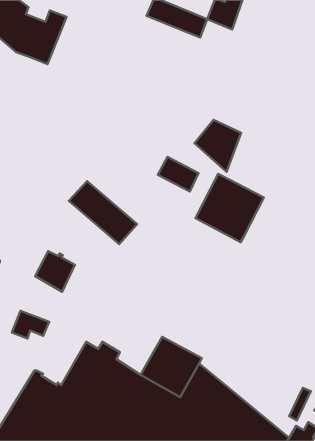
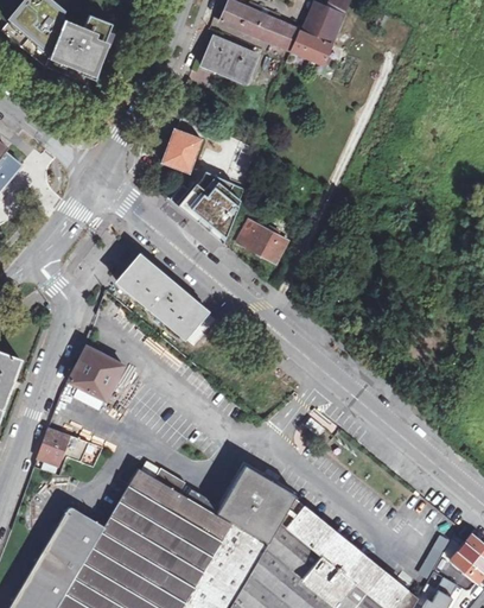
building: none -> [295,27,339,66]
building: none -> [204,33,266,87]
building: none -> [167,128,209,173]
building: [194,120,241,172] -> [180,172,244,243]
building: [196,174,264,242] -> none

